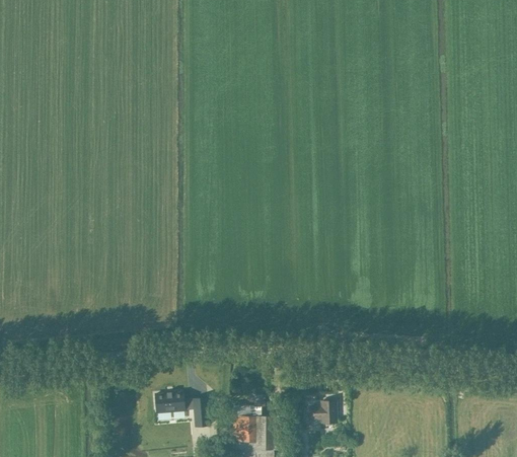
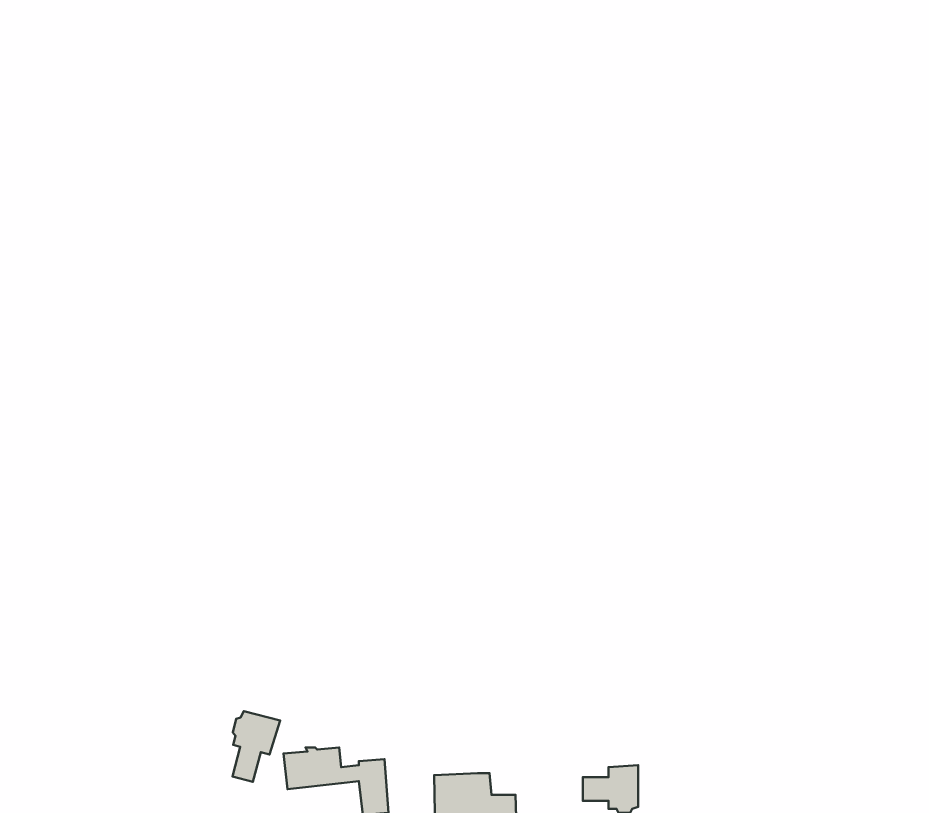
building: none -> [232,711,280,782]

